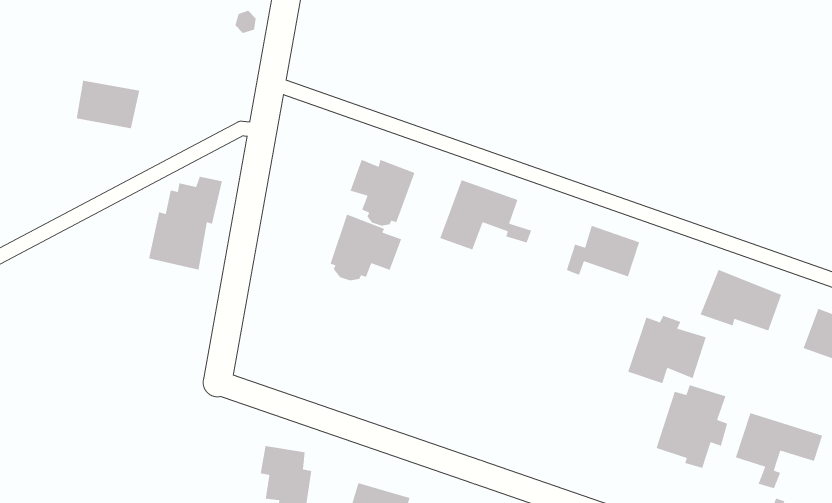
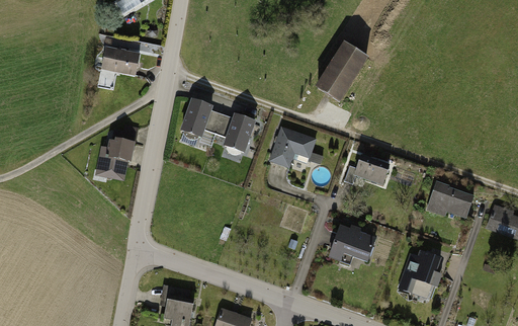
building: none -> [314,40,369,102]
building: [76,80,140,129] -> [101,46,140,75]
building: [329,213,402,281] -> [179,99,223,140]
building: [627,315,707,384] -> [329,223,376,264]
building: [735,412,823,489] -> none

